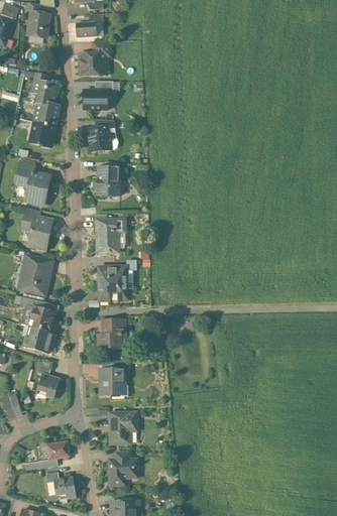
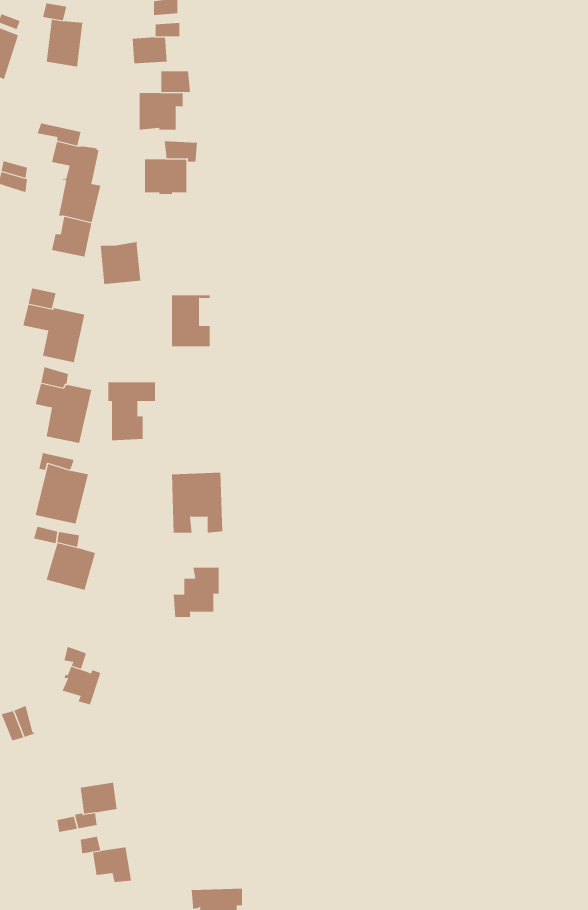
building: [87,126,110,150] -> [100,241,141,284]
building: [98,220,125,253] -> [108,382,156,441]
building: [23,327,53,353] -> none
building: [100,369,124,394] -> none
building: [109,412,135,442] -> none
building: [106,460,135,484] -> none

